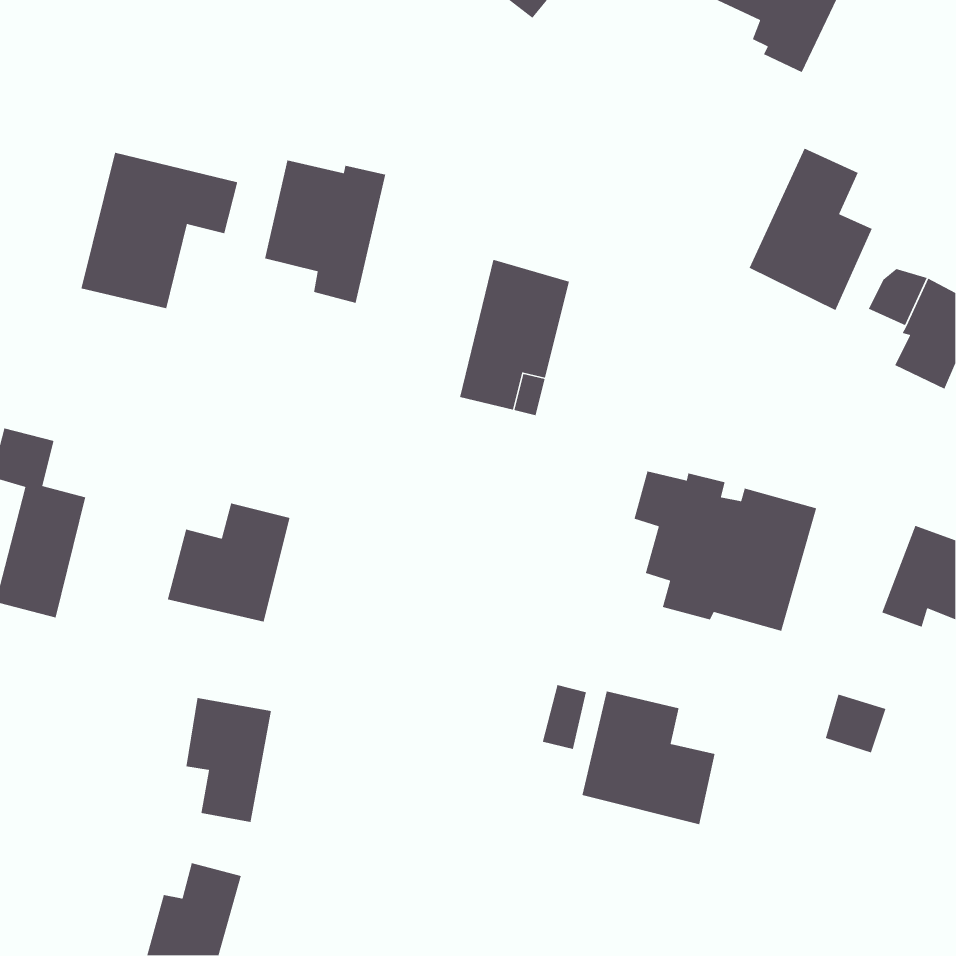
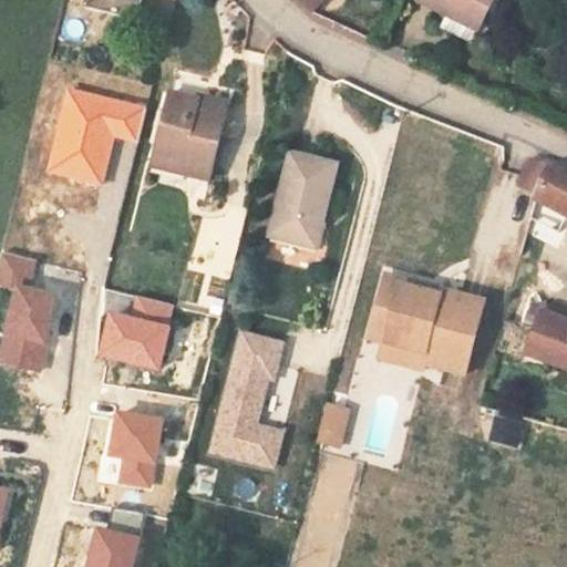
building: [748,147,873,311] -> none
building: none -> [210,333,280,466]
building: [581,691,715,825] -> none

